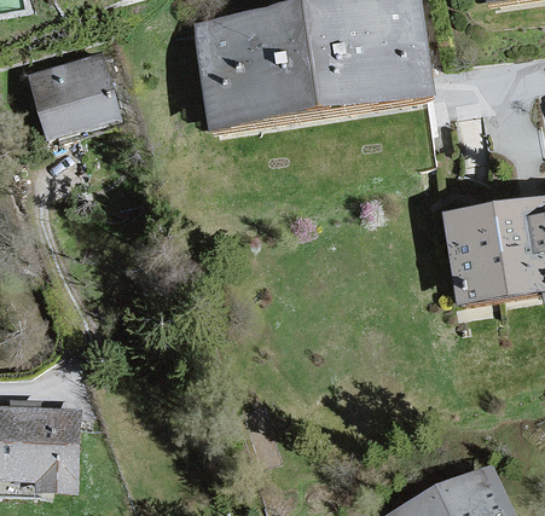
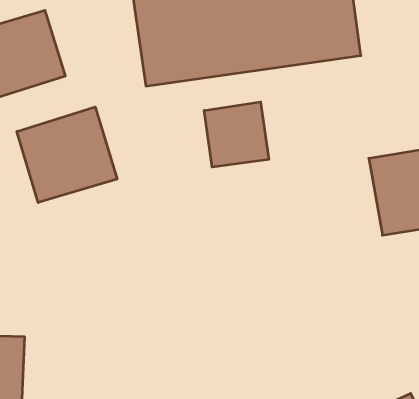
building: none -> [204,102,269,167]
building: none -> [17,107,117,203]

